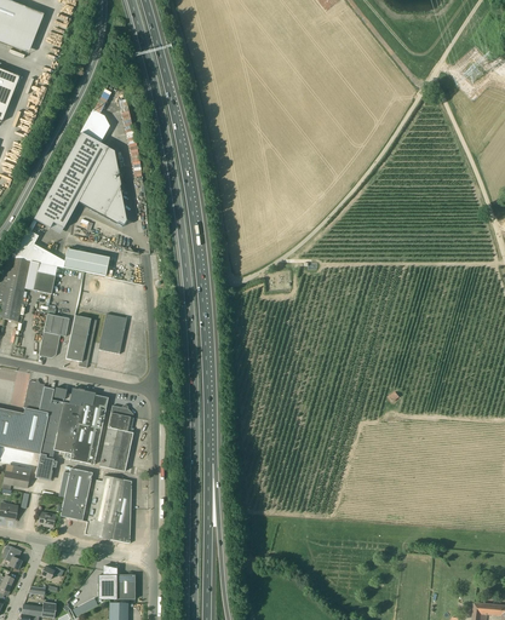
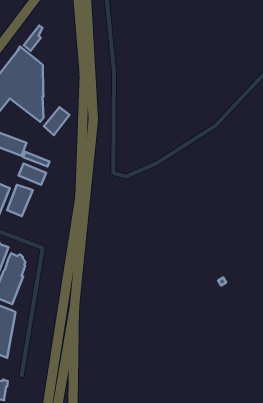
building: none -> [44,107,69,135]
building: none -> [19,164,46,185]

